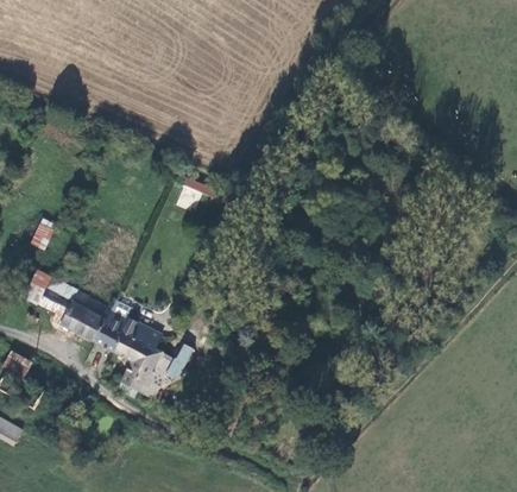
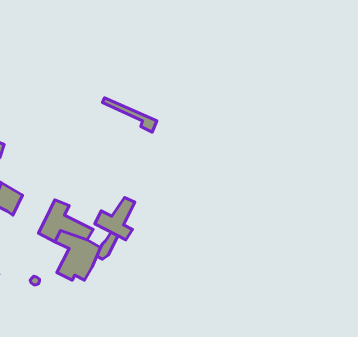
building: [52,292,109,340] -> none
building: none -> [95,198,135,240]

